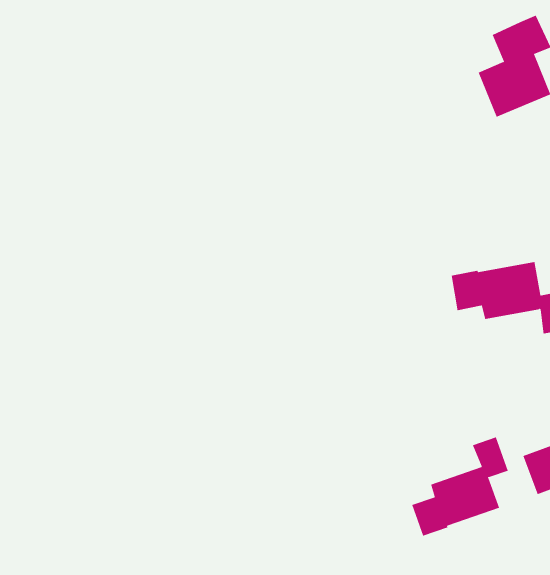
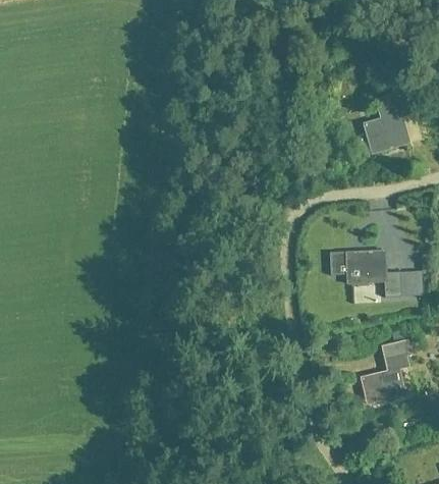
building: [411,436,509,536] -> none

